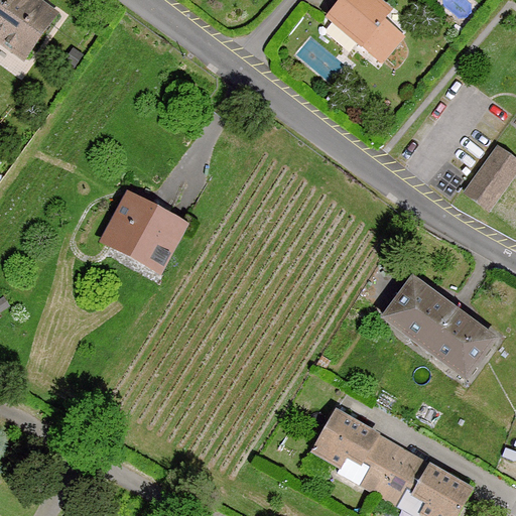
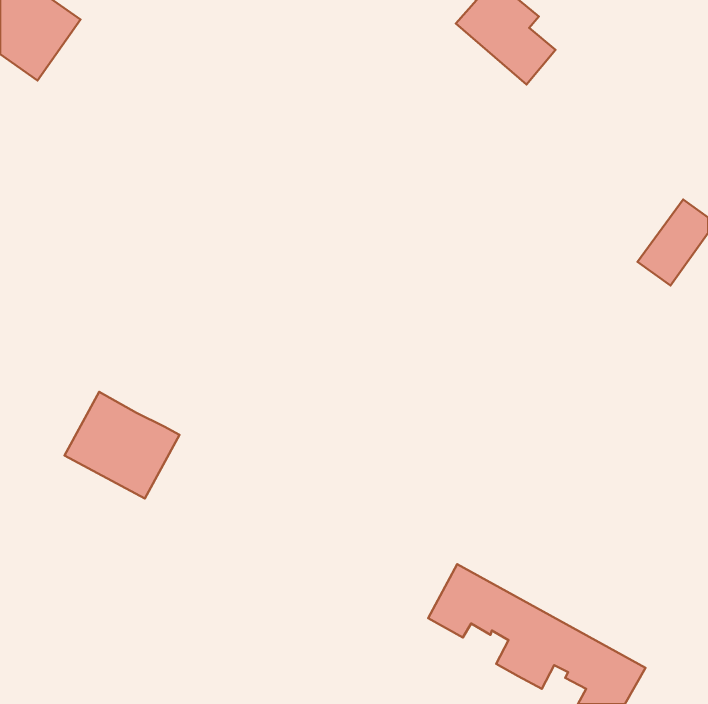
building: [103,194,186,271] -> [65,392,180,499]
building: [385,280,496,379] -> none

